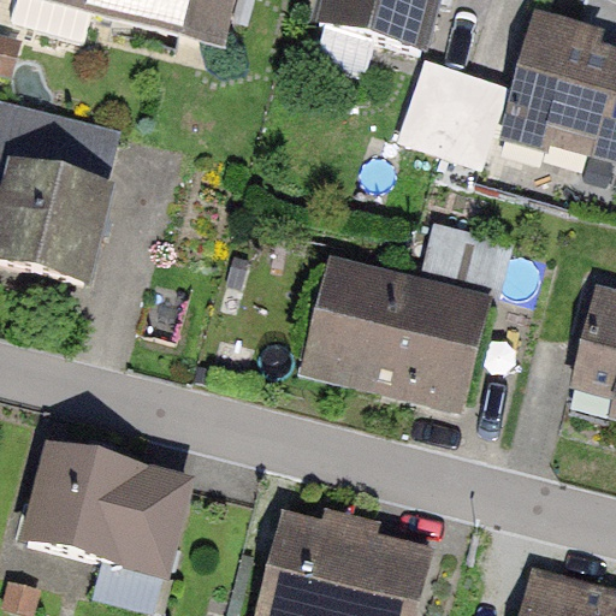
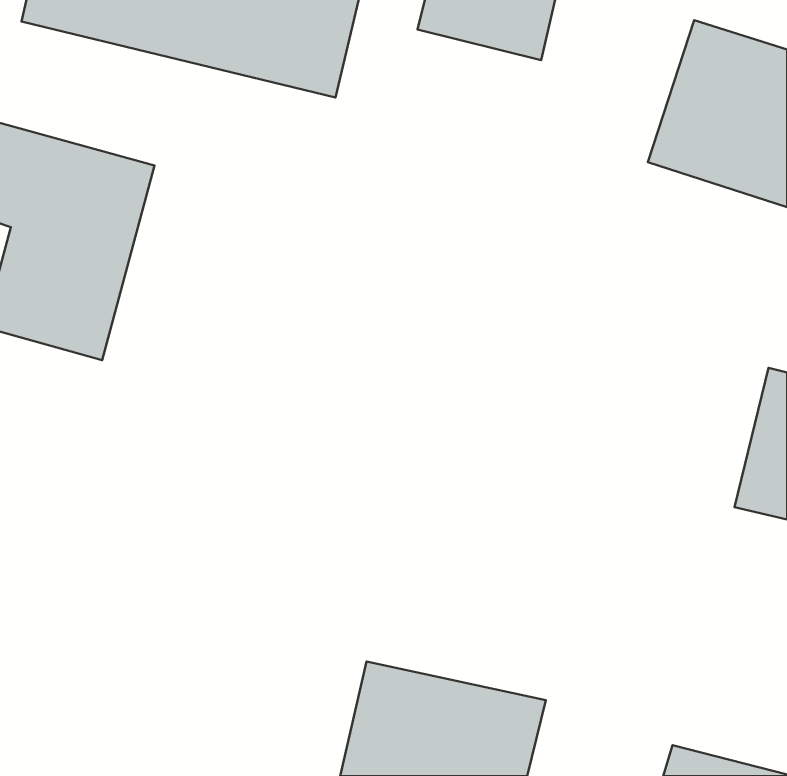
building: [410,67,511,153] -> none
building: [303,255,488,399] -> none
building: [32,449,182,571] -> none

